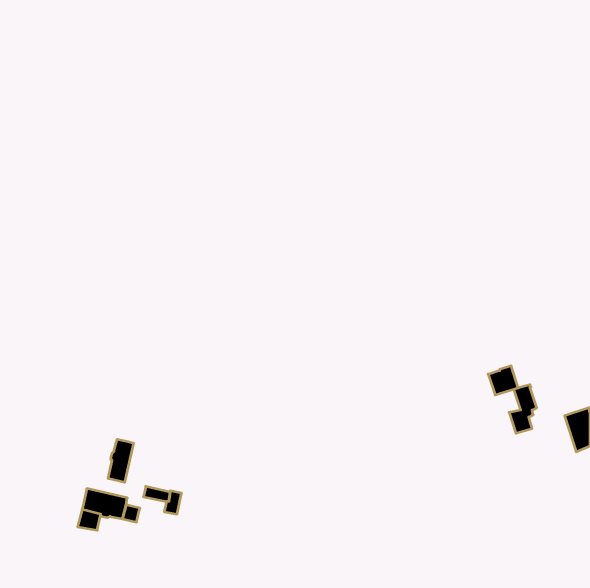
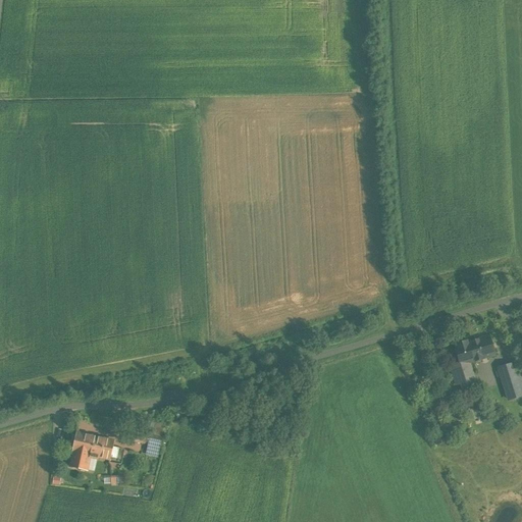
building: [488,366,518,395] -> [467,334,493,360]
building: [108,439,133,482] -> none

